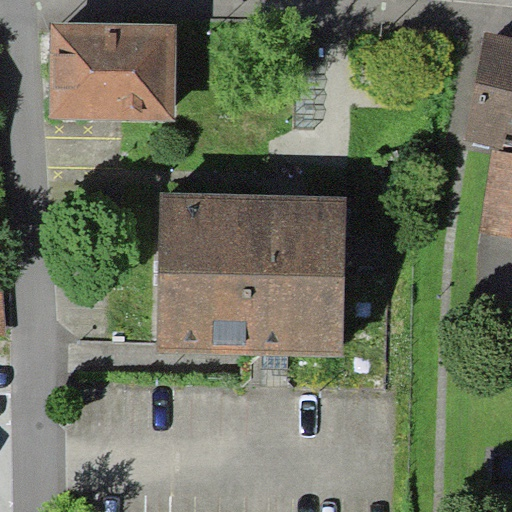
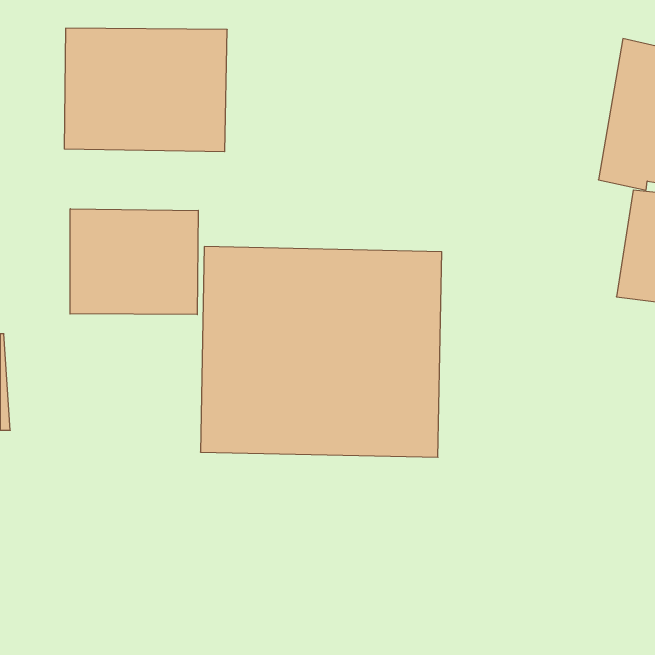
building: none -> [70,209,198,315]

